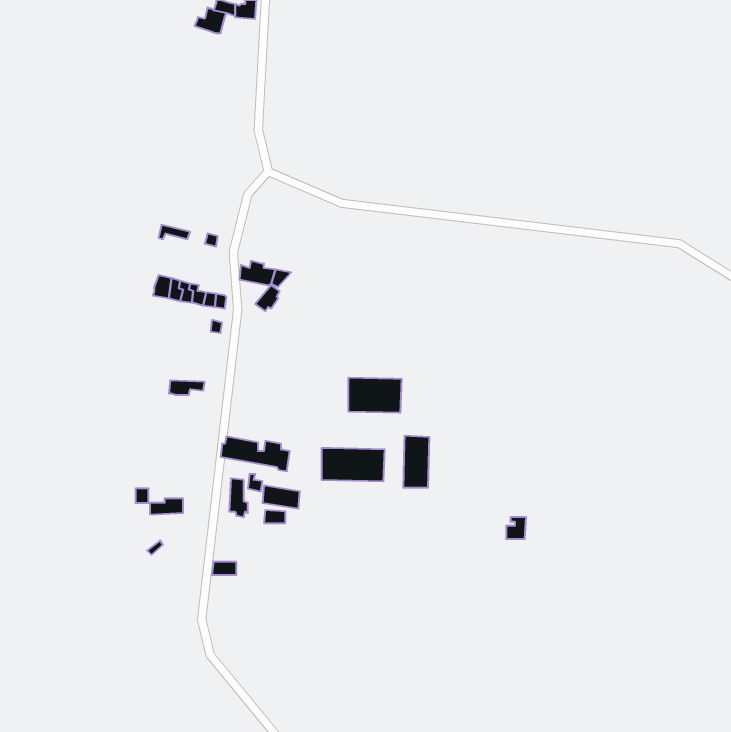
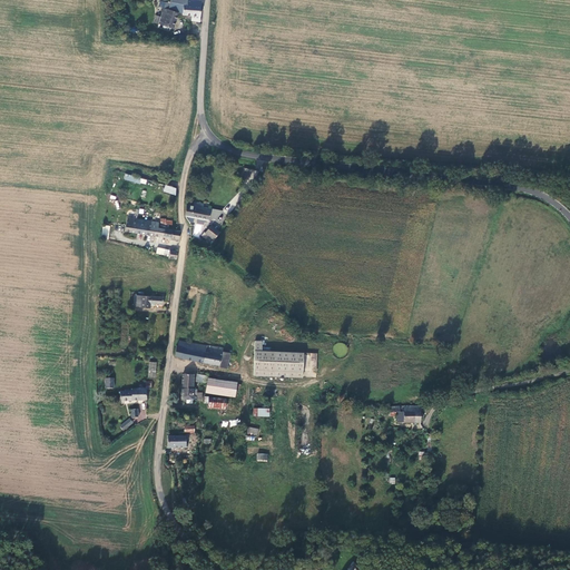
building: [348,378,402,413] -> none
building: [404,436,429,488] -> none

